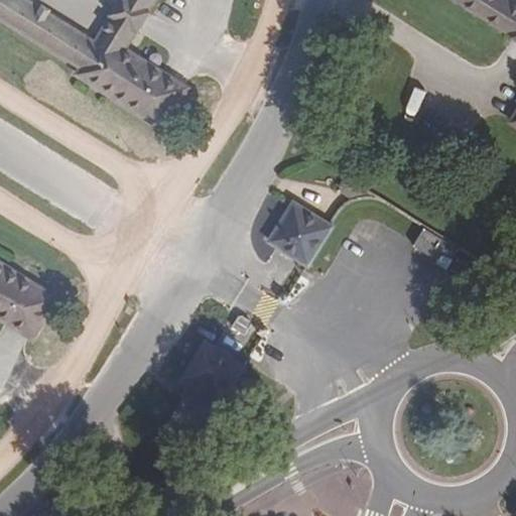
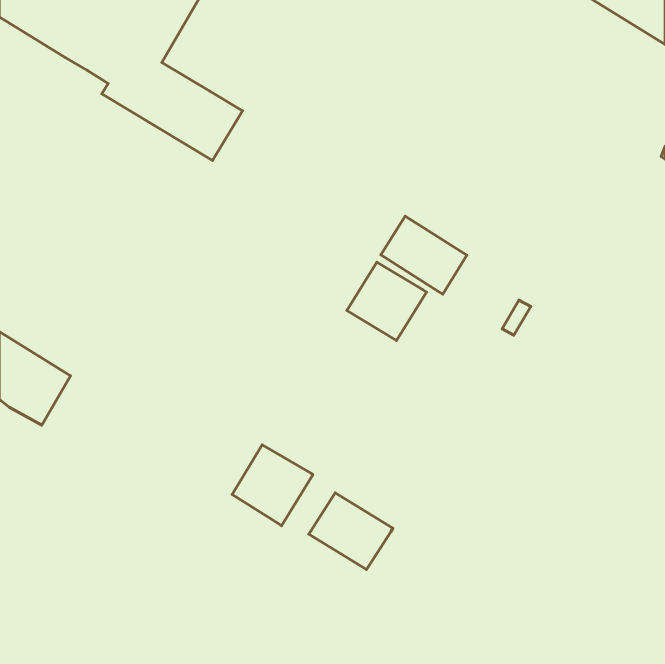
building: none -> [381,216,467,294]
building: none -> [309,493,393,570]

